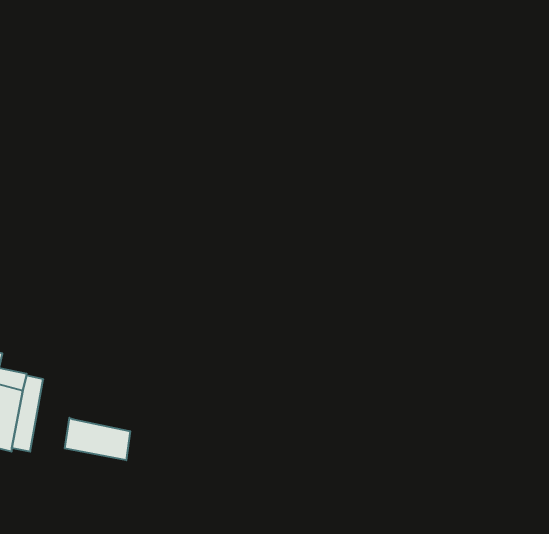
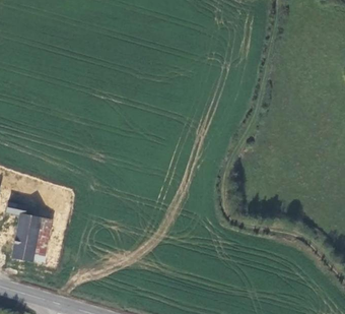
building: [65,418,130,460] -> none

